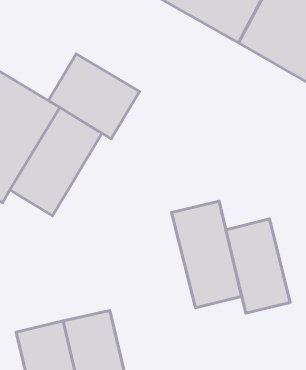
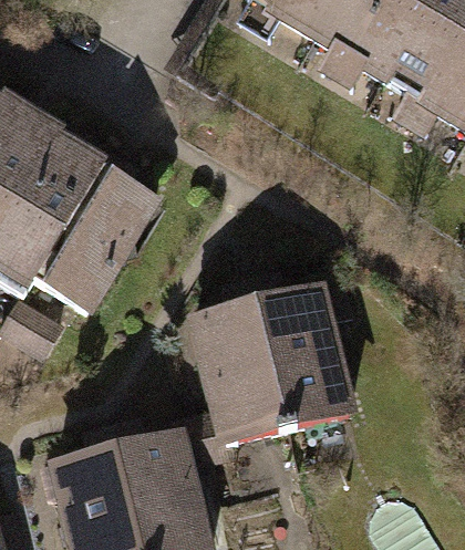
building: [48,54,140,139] -> none
building: none -> [199,302,296,448]
building: [226,219,290,313] -> none

